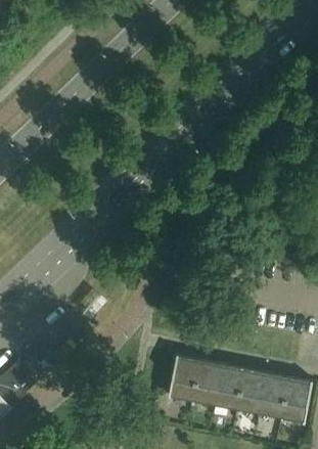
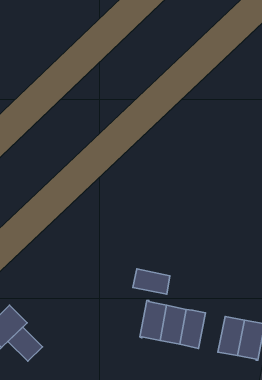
building: none -> [133,269,170,294]
building: [235,369,266,414] -> none
building: none -> [8,327,42,361]

